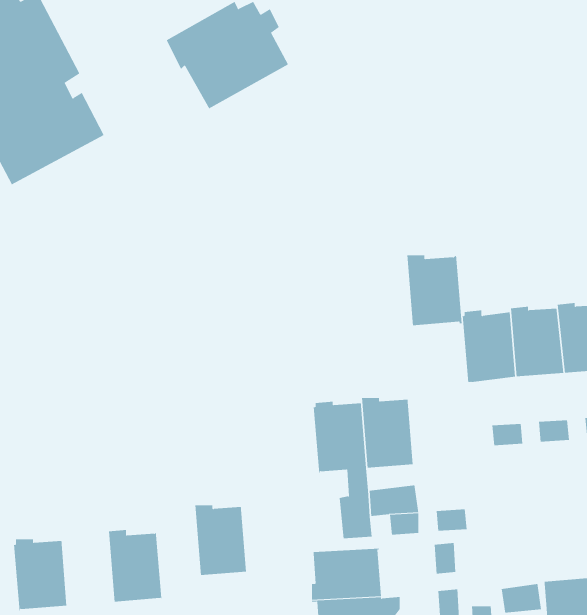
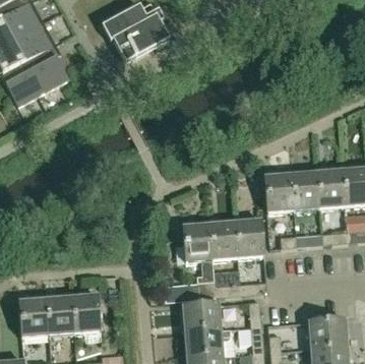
building: [407,255,462,326] -> [235,219,265,257]
building: [195,501,247,575] -> [46,294,74,335]

